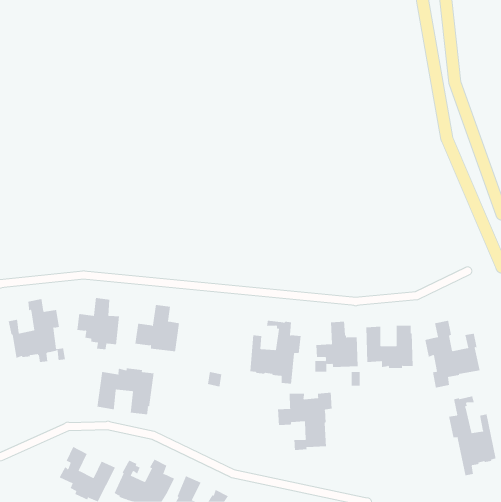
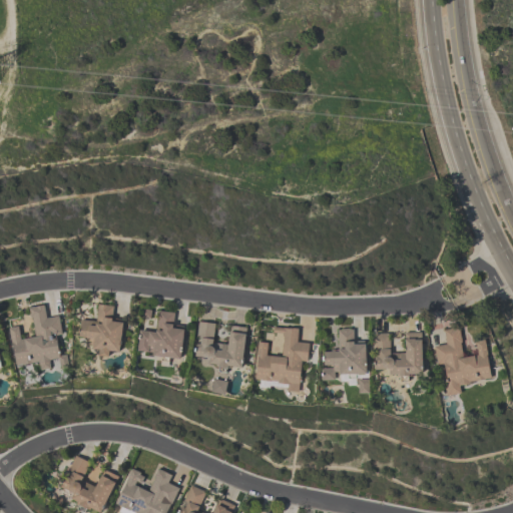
building: none -> [196,322,246,369]
building: [97,368,154,415] -> none
building: [278,392,332,451] -> none
building: [448,396,496,476] -> none

